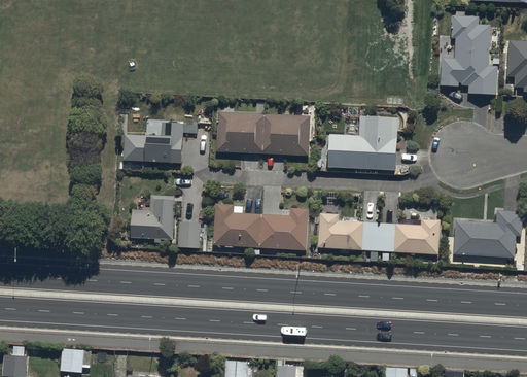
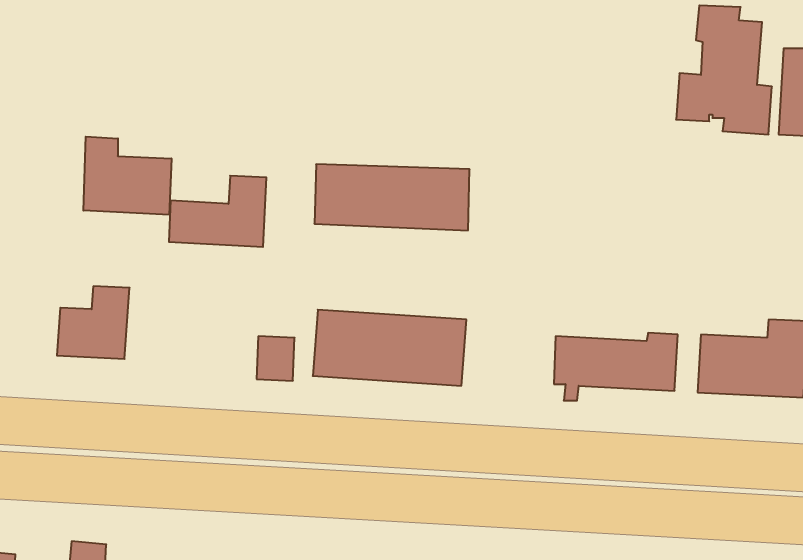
building: none -> [83,137,171,215]
building: [327,116,398,171] -> none
building: [128,195,173,240] -> [57,286,130,359]
building: [318,212,364,250] -> none

